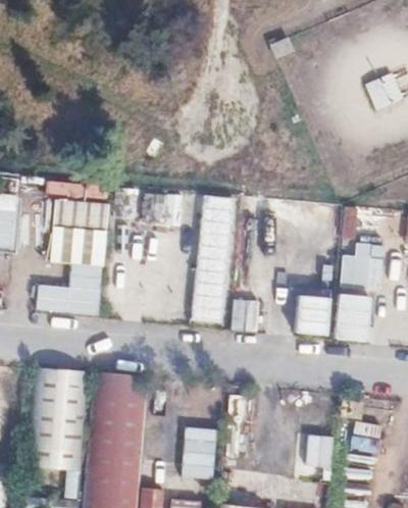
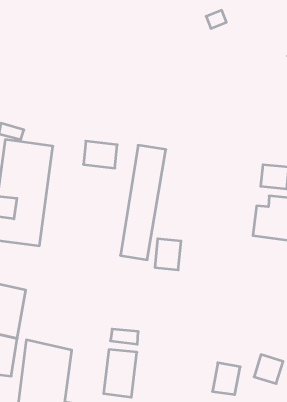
building: [295,293,372,340] -> none
building: [92,370,147,430] -> none

